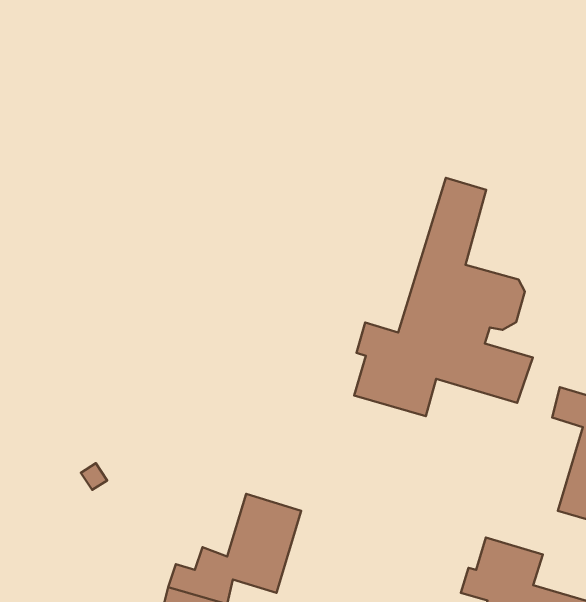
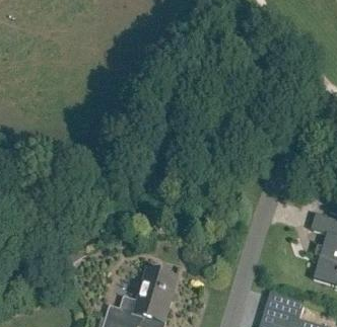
building: [354,178,533,416] -> none

